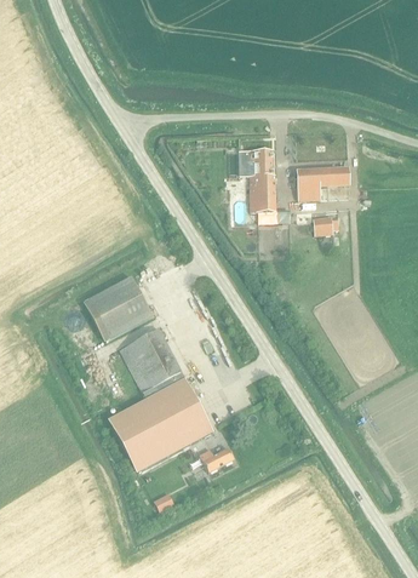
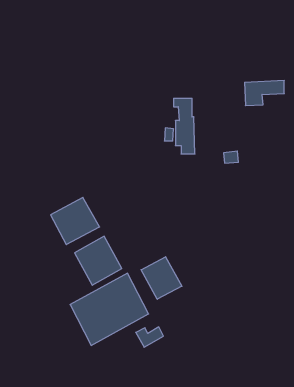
building: [296,165,348,198] -> [245,81,284,106]
building: none -> [141,257,182,299]

